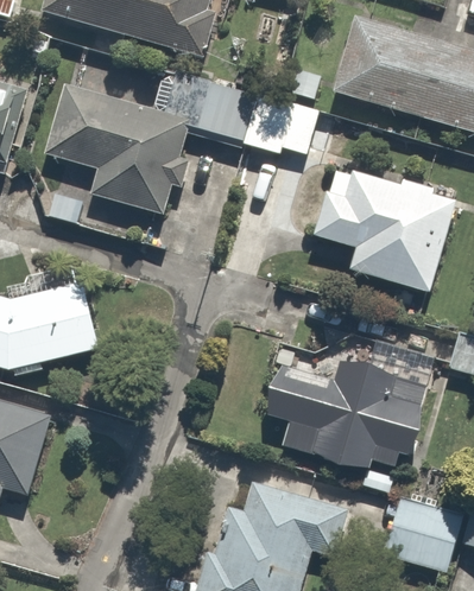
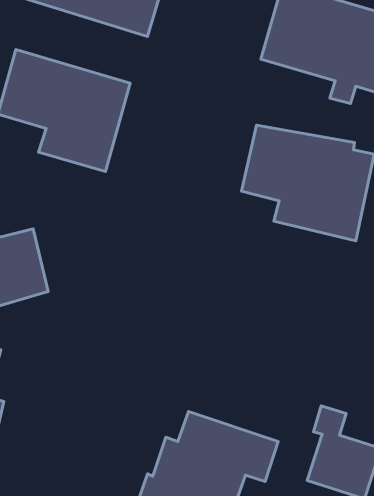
building: [194,77,320,157] -> none
building: [261,354,435,475] -> none

